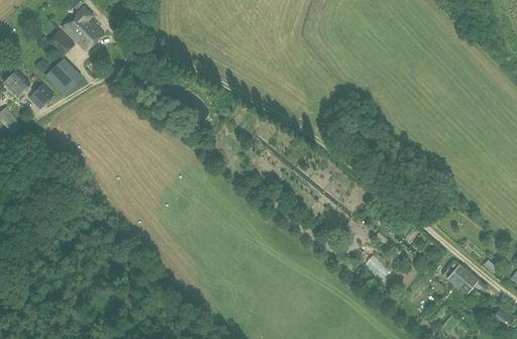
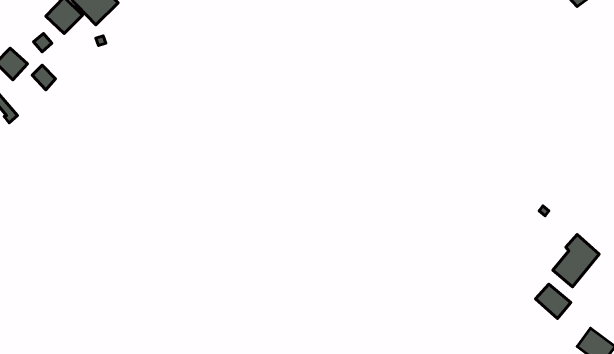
building: [45,58,82,94] -> none
building: none -> [553,235,599,287]

